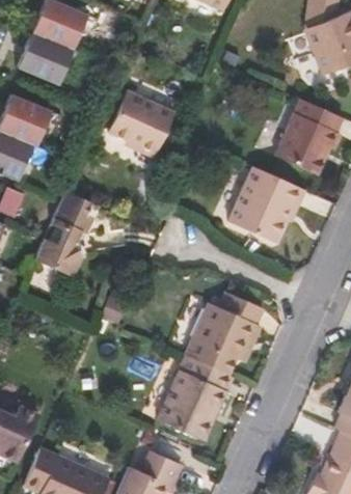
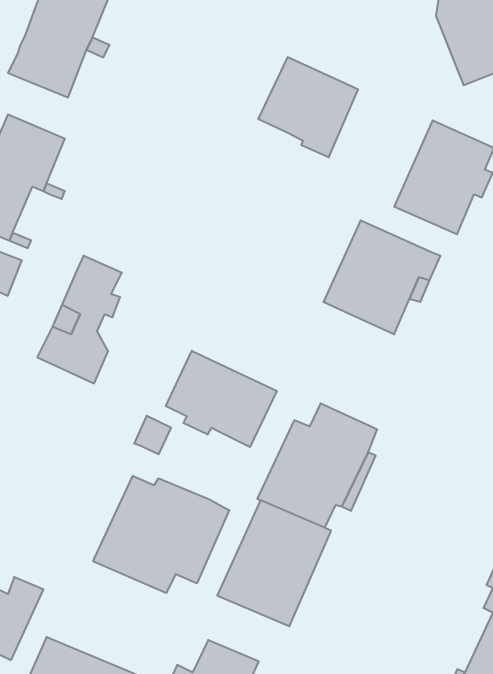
building: [107,89,174,157] -> [258,57,358,157]
building: none -> [166,351,277,447]
building: none -> [93,476,229,593]

